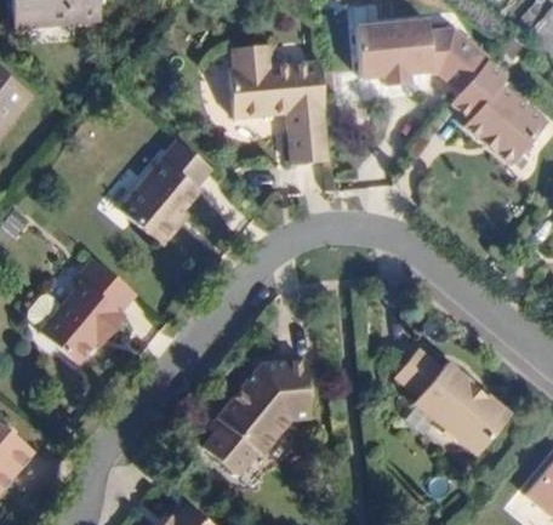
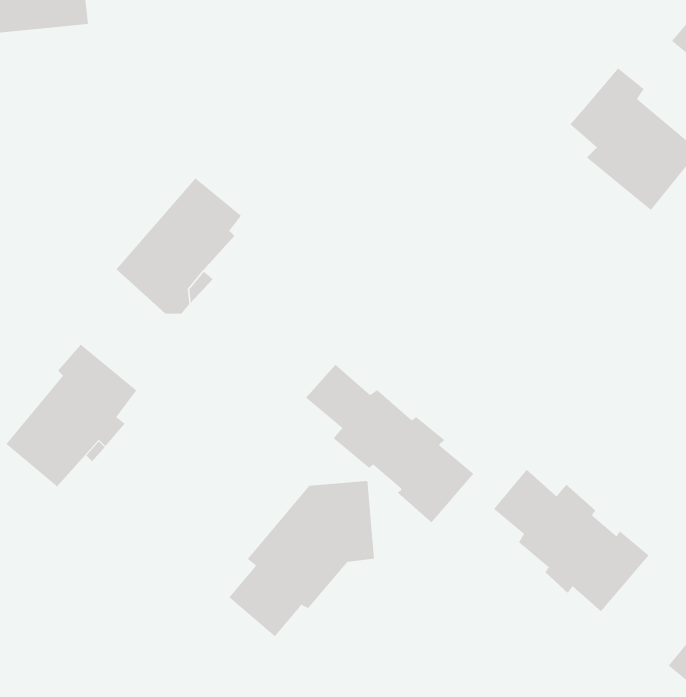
building: [353,16,486,89] -> none
building: [228,45,329,162] -> none
building: none -> [305,364,474,523]

